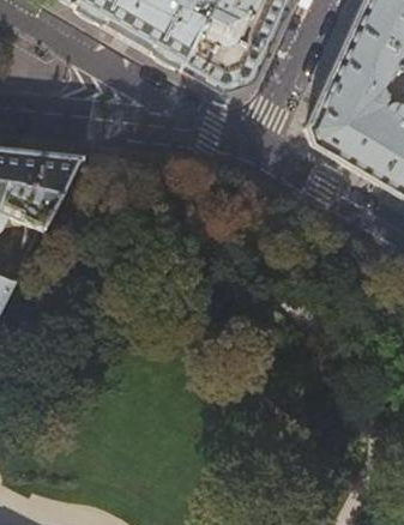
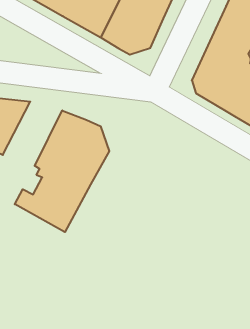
building: none -> [15,110,109,232]

